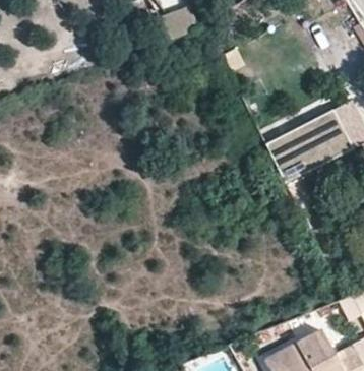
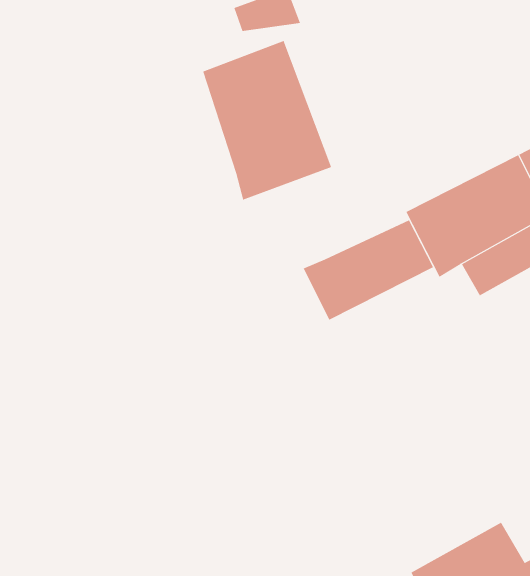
building: none -> [203,40,332,200]
building: none -> [303,220,434,321]

